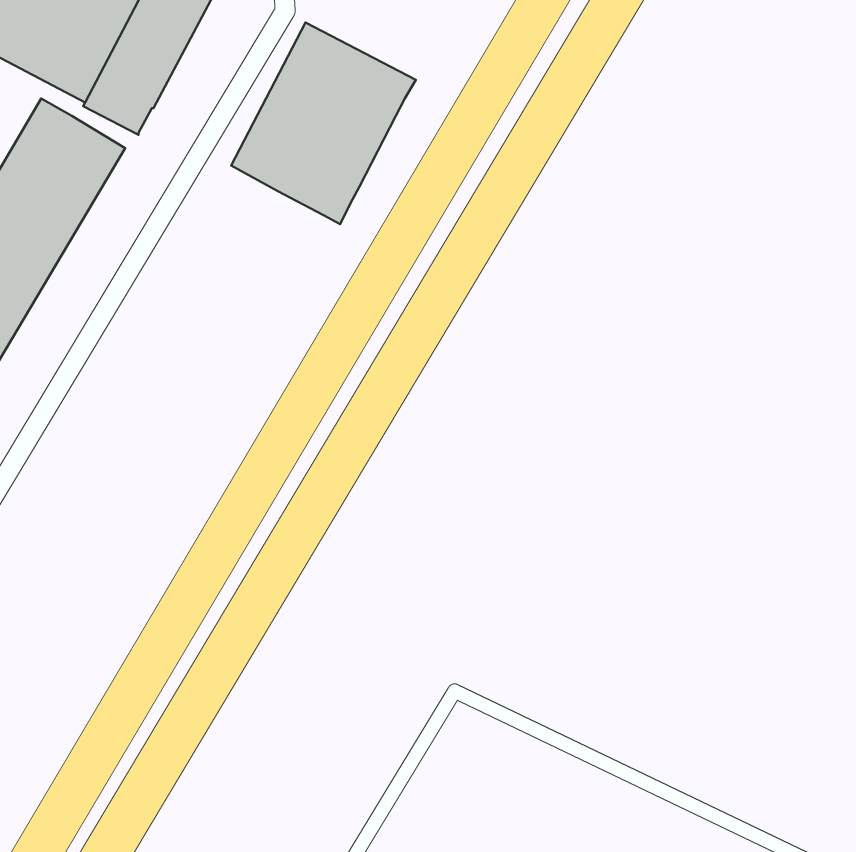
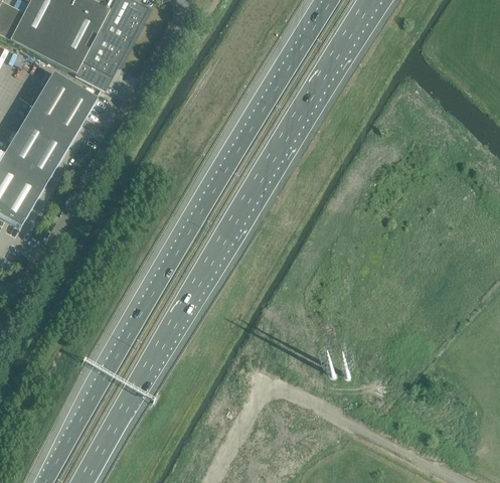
building: [231,22,416,224] -> none

